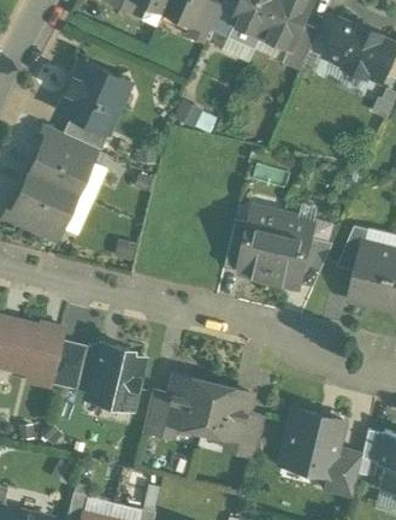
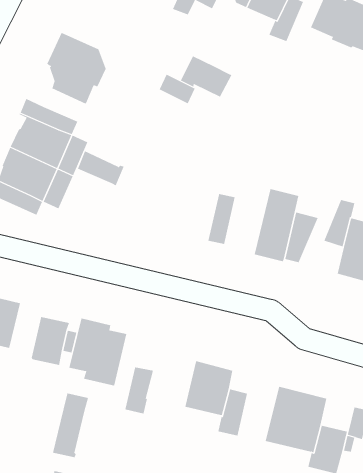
building: none -> [180,55,232,98]
building: [63,116,110,150] -> [77,151,125,186]
building: [240,207,285,279] -> none
building: [26,323,63,386] -> [52,393,89,458]
building: [164,376,212,430] -> none

